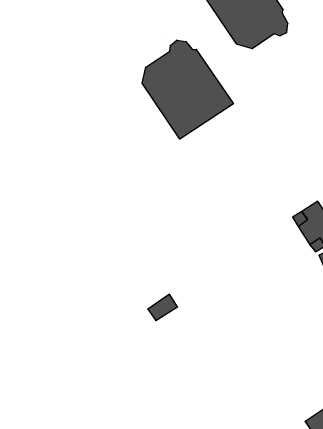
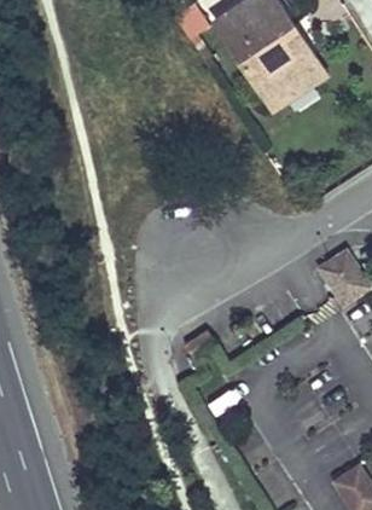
building: [142,40,233,139] -> none

